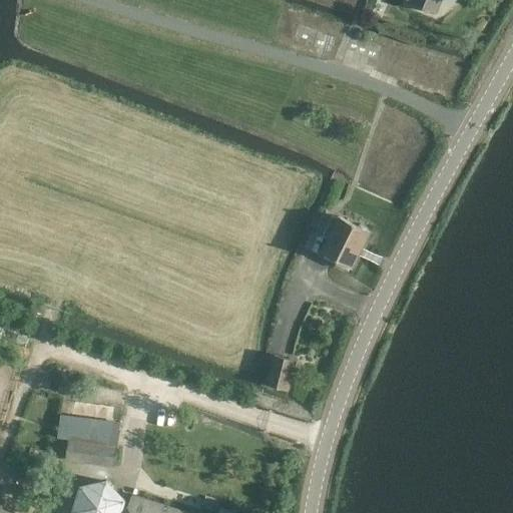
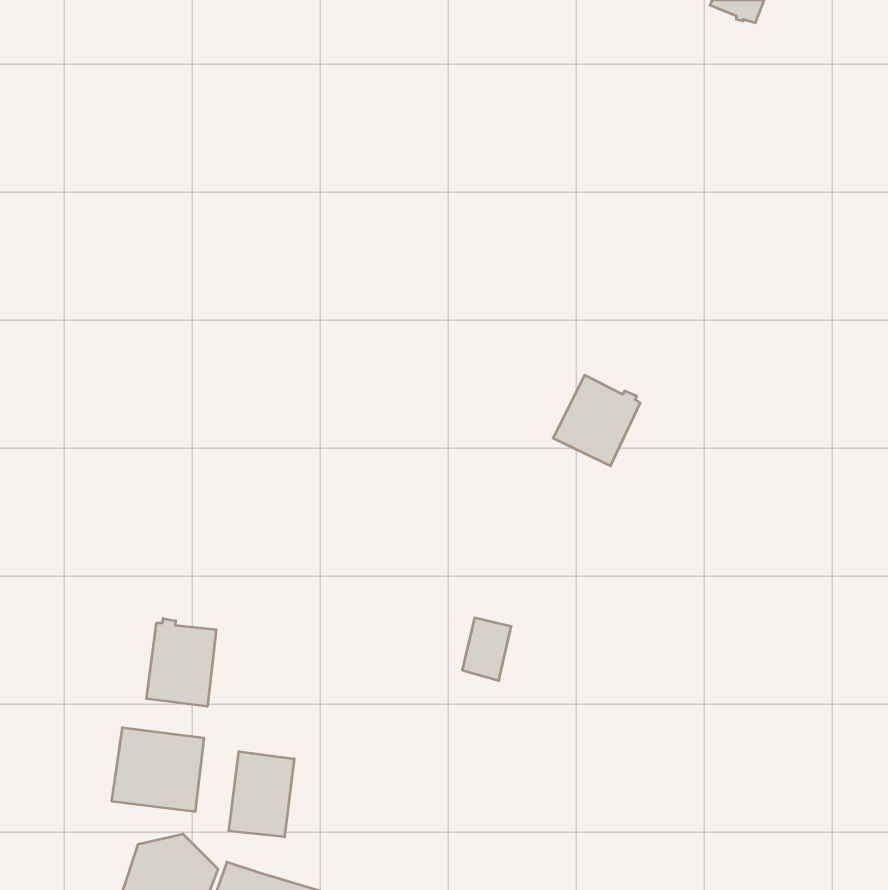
building: none -> [146,618,216,706]
building: none -> [229,751,294,837]

